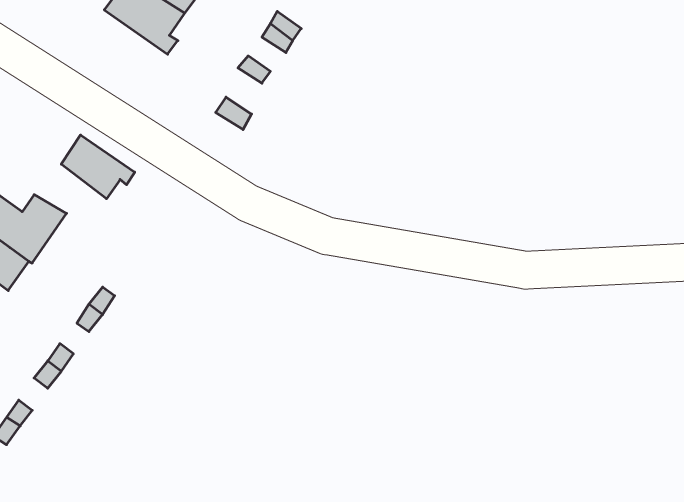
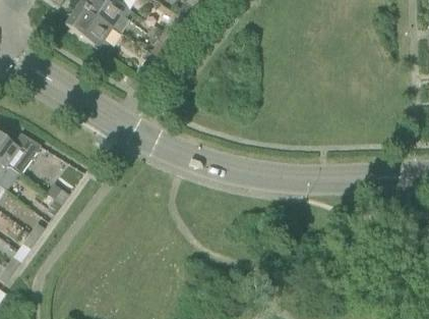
building: [61,135,135,199] -> none

